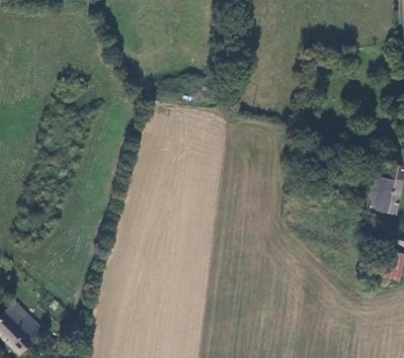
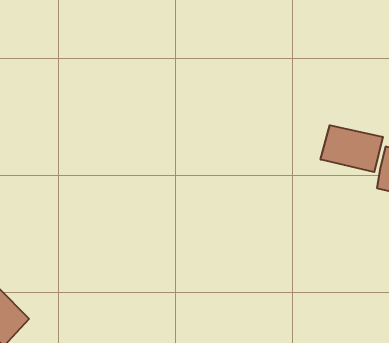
building: none -> [321,125,383,172]

